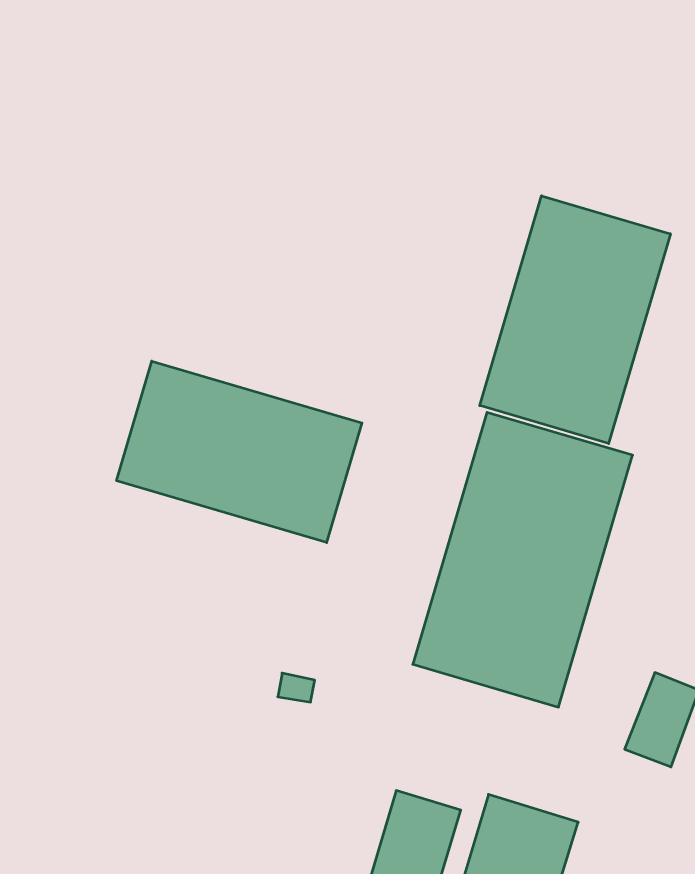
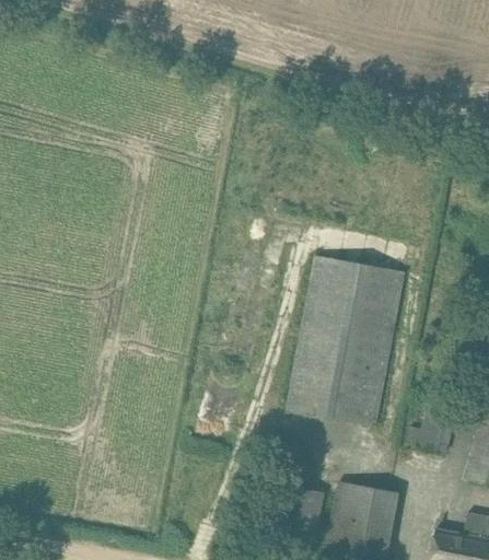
building: [480,196,670,444] -> none
building: [117,361,362,543] -> none

